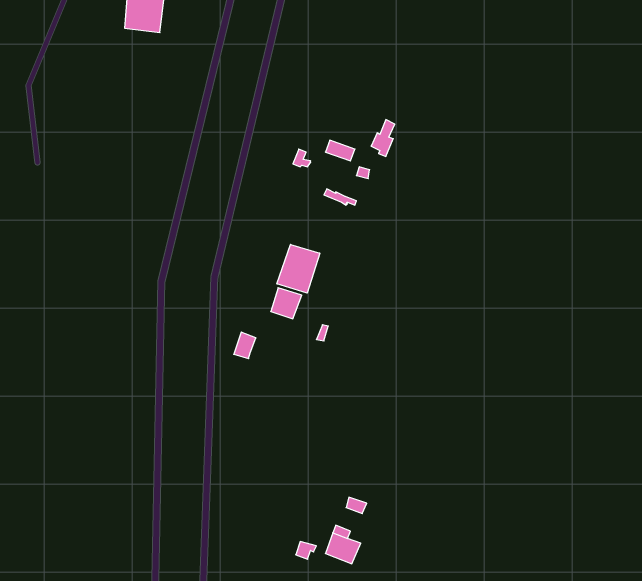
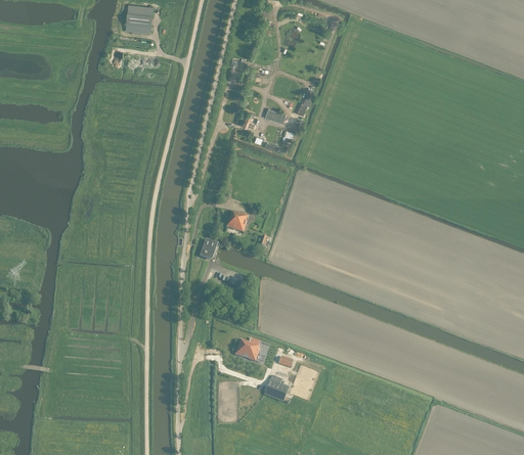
building: [277,244,320,293] -> none
building: none -> [234,337,260,362]

